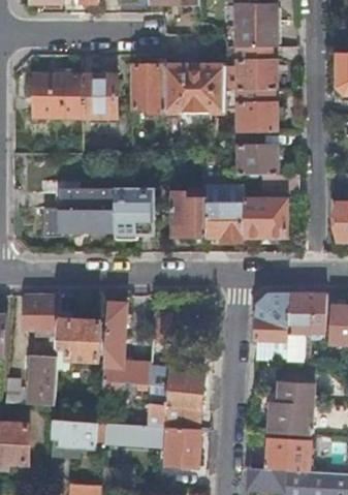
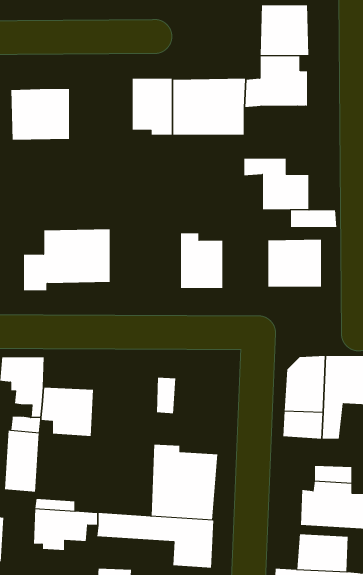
building: [82,74,117,116] -> none
building: [224,89,277,131] -> none
building: [207,186,243,242] -> none
building: [115,189,155,234] -> none
building: [102,302,150,391] -> none

